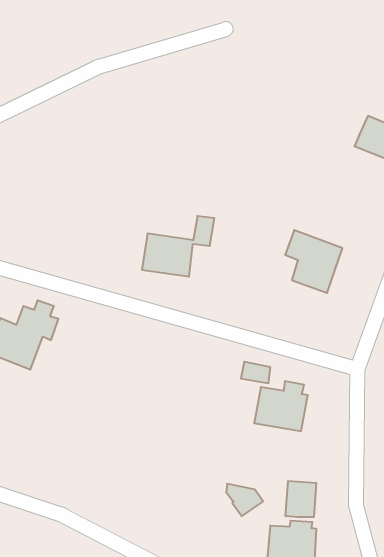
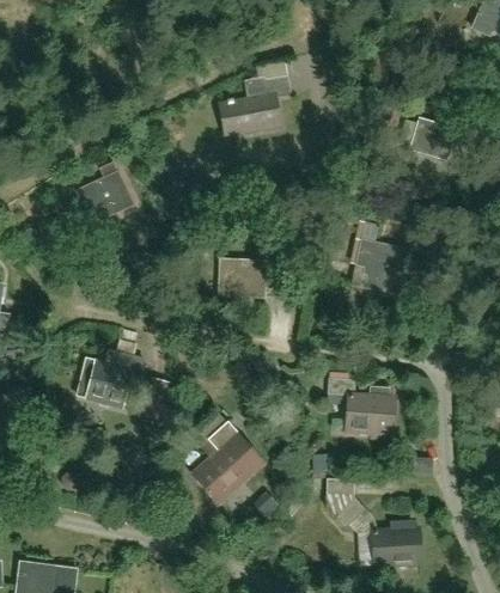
building: none -> [219,77,292,135]
building: none -> [77,163,134,225]
building: none -> [193,422,252,499]
building: [286,481,316,517] -> none

